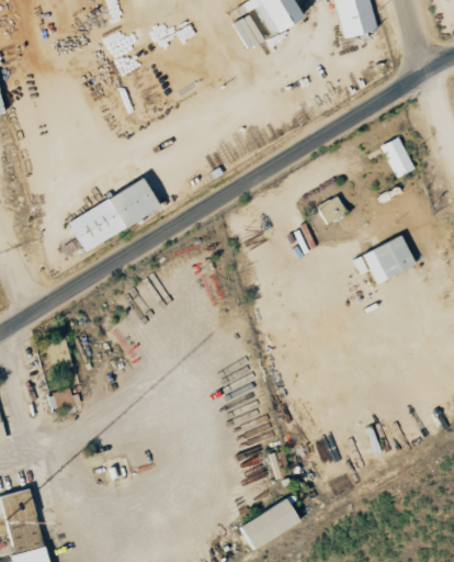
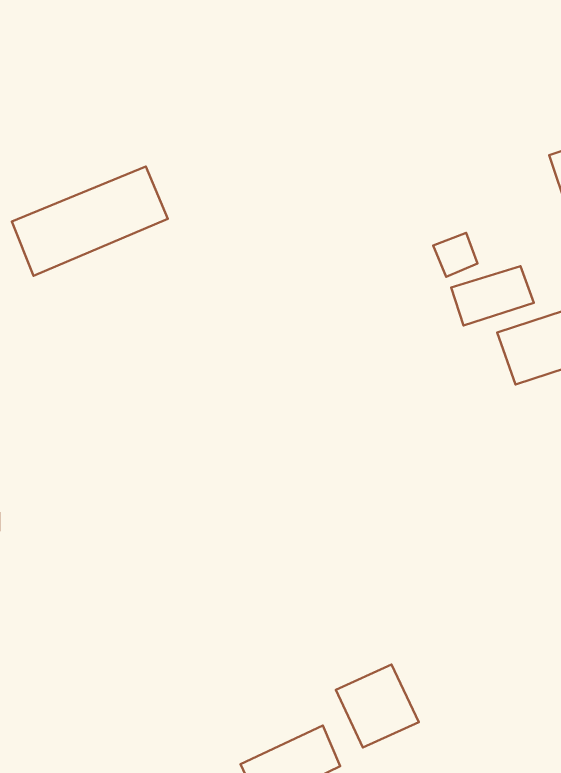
building: none -> [451,266,534,326]
building: none -> [336,665,419,747]

